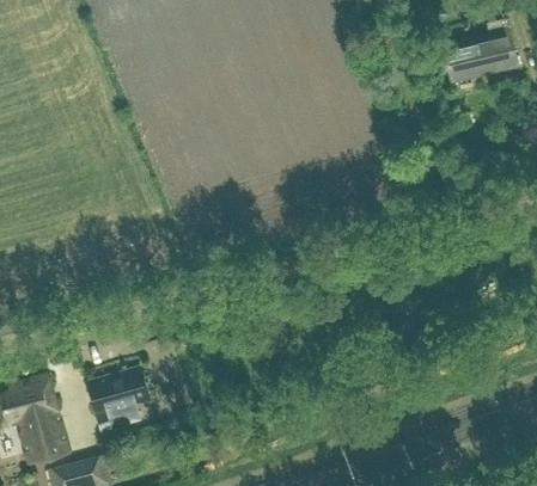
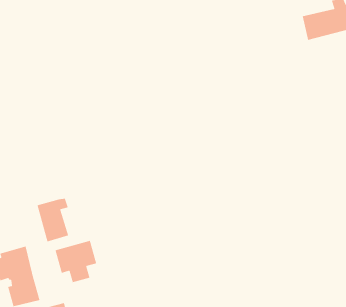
building: none -> [37,198,69,242]

